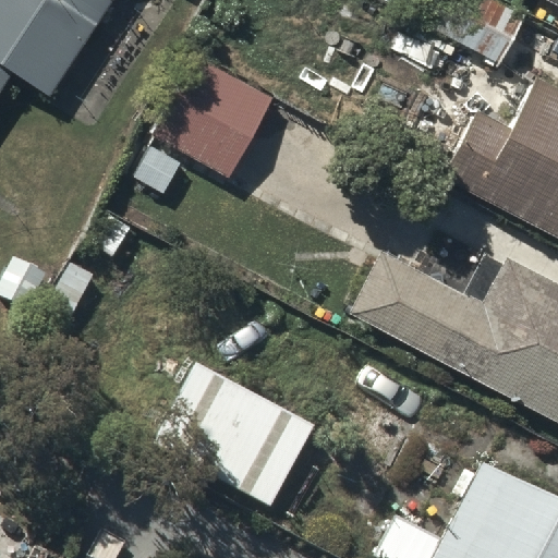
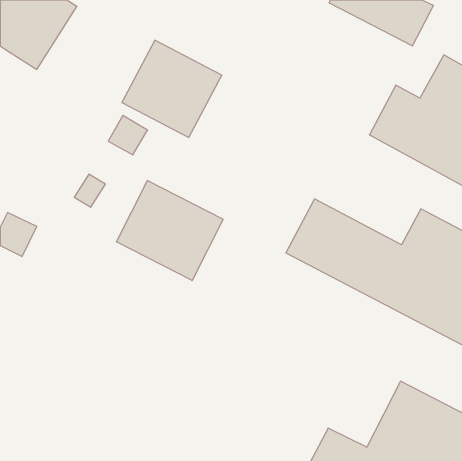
building: none -> [117,180,223,281]
building: [155,366,316,510] -> none

